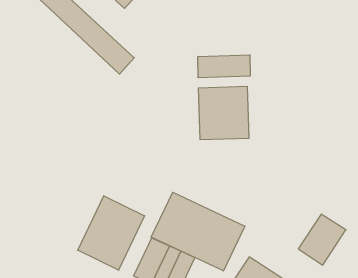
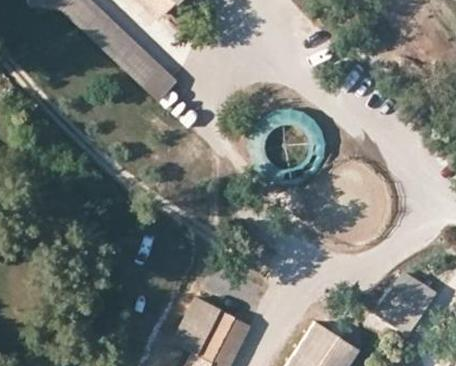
building: [198,55,250,78] -> none
building: [151,192,245,271] -> none
building: [78,196,145,270] -> none

